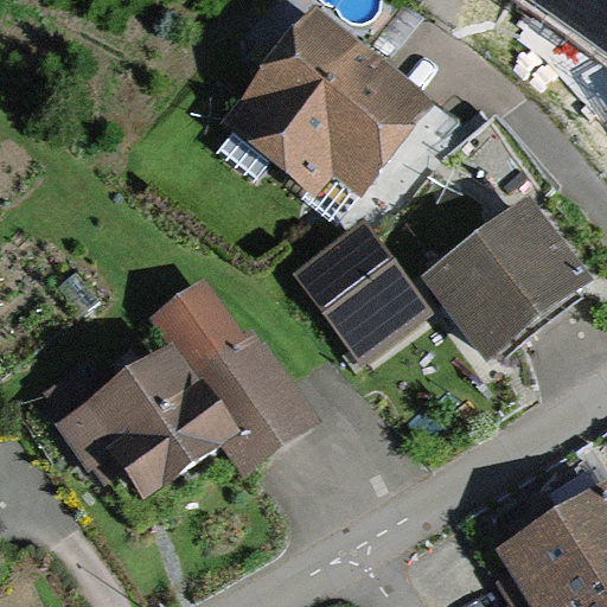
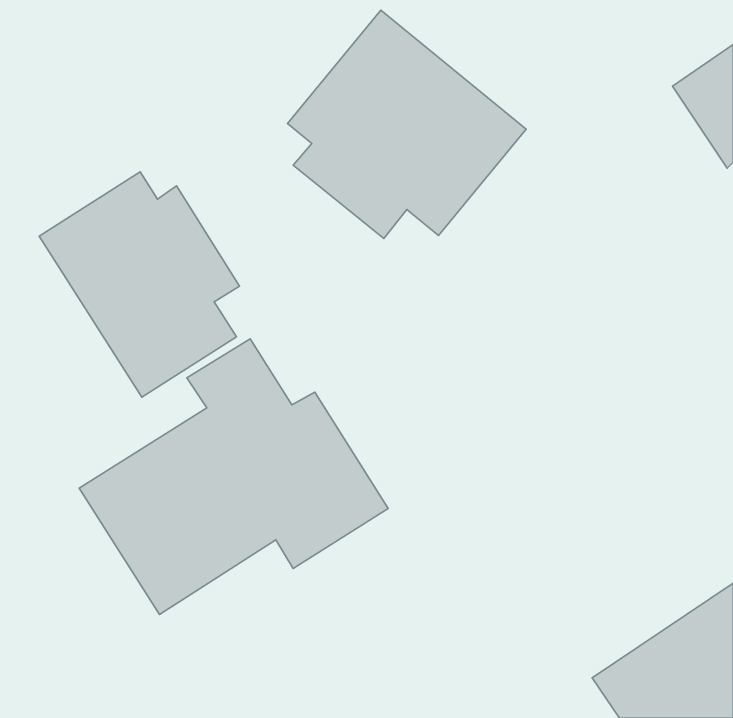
building: none -> [39,172,240,397]
building: [289,197,588,364] -> none

